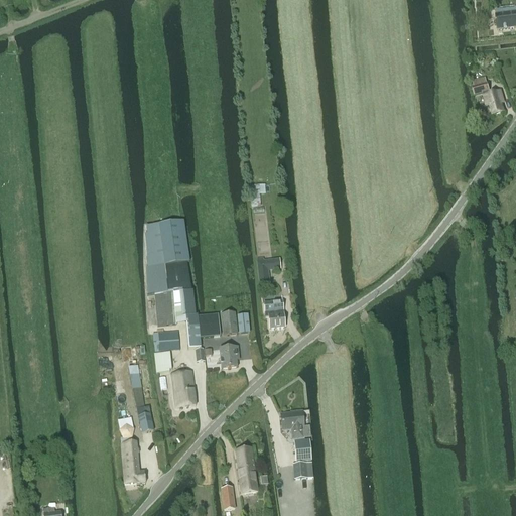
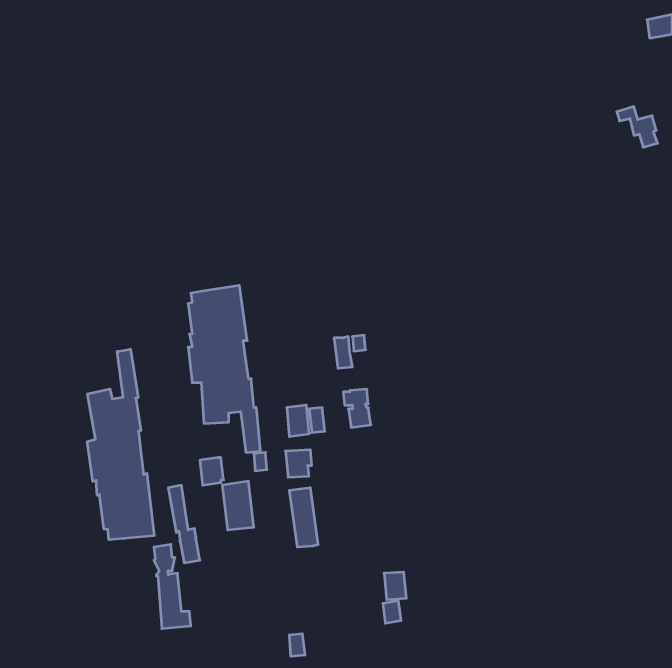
building: none -> [87,349,154,540]
building: [199,313,220,337] -> none
building: [153,330,178,350] -> none
building: [280,409,302,437] -> none
building: [235,446,257,492] -> [289,488,318,547]

